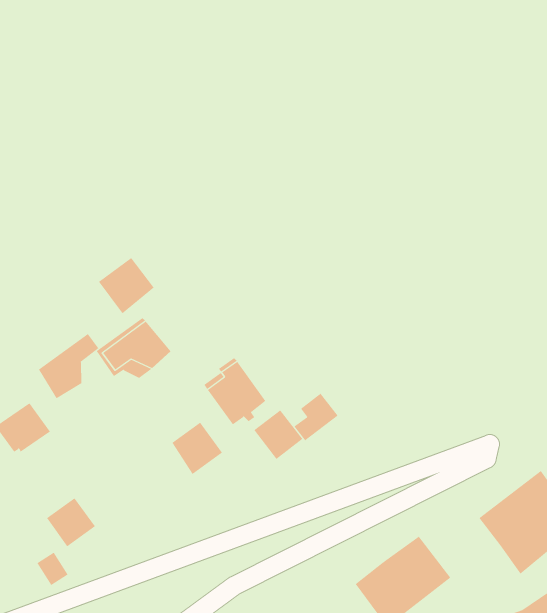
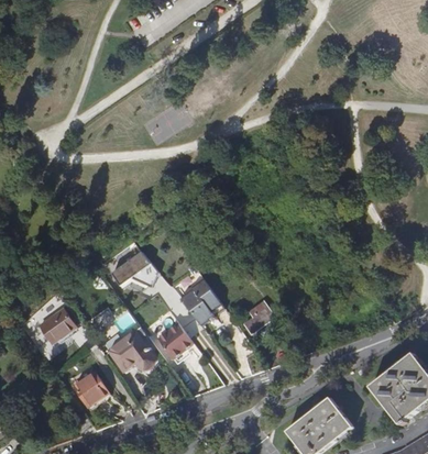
building: [98,257,154,314] -> none
building: [38,333,99,399] -> none
building: [254,409,303,460] -> none
building: none -> [110,331,153,369]

